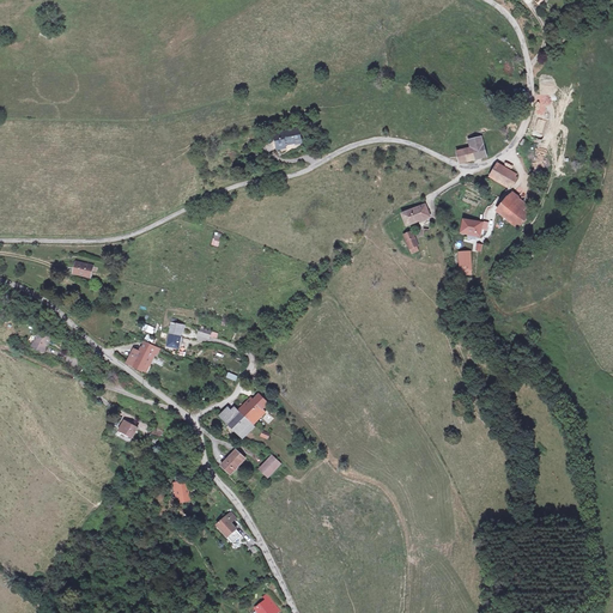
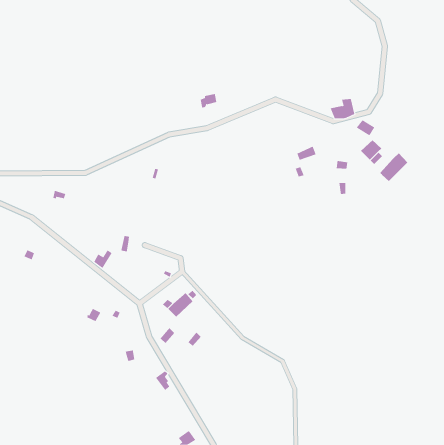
building: none -> [379,153,408,182]

